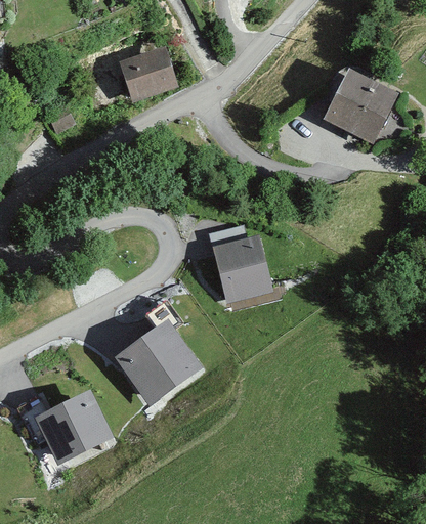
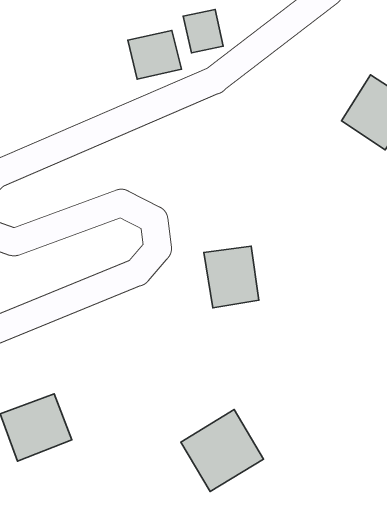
building: none -> [183,10,223,53]
building: [120,322,198,400] -> [181,410,263,492]

